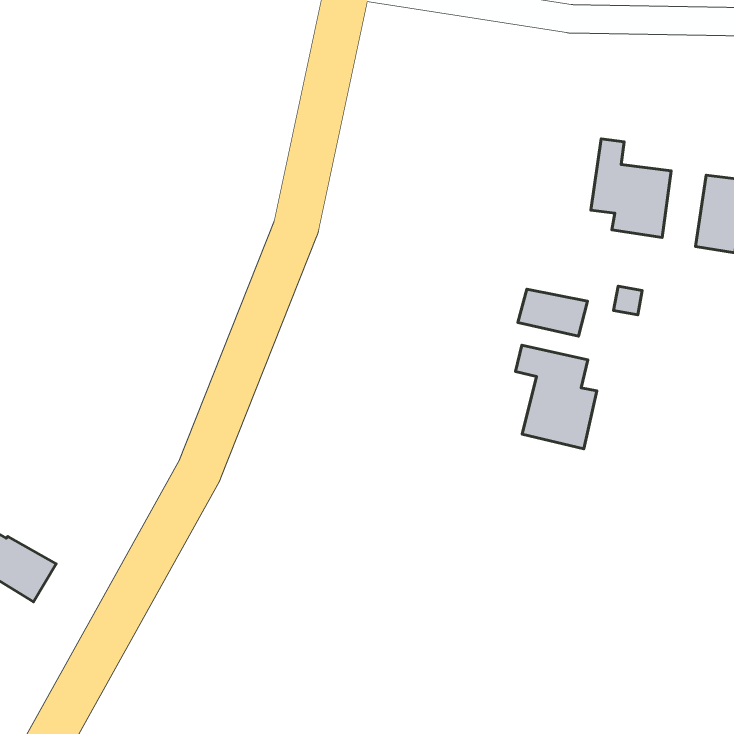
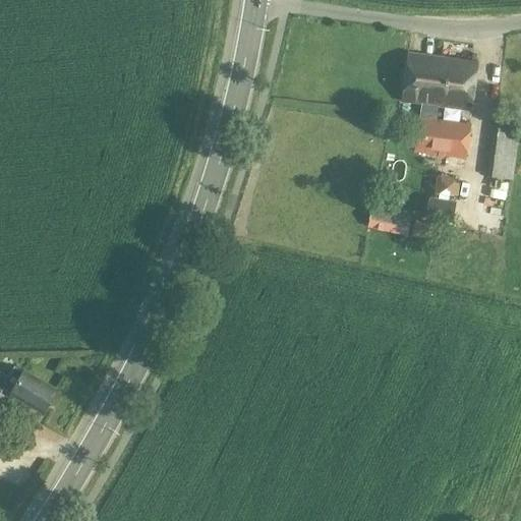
building: none -> [403,53,476,108]
building: [516,345,597,449] -> none

